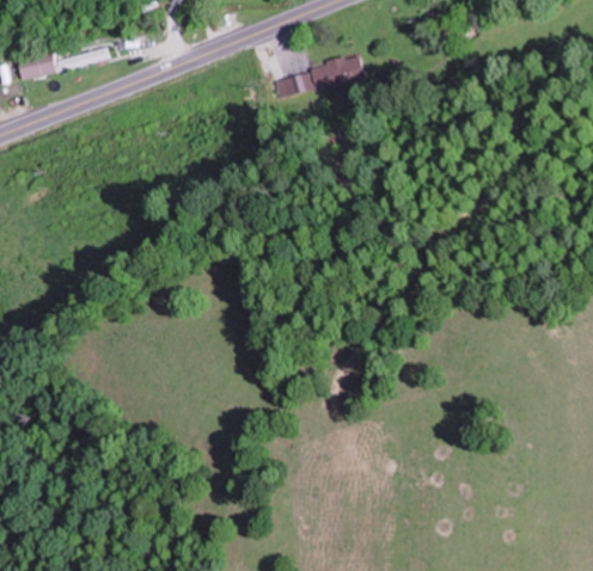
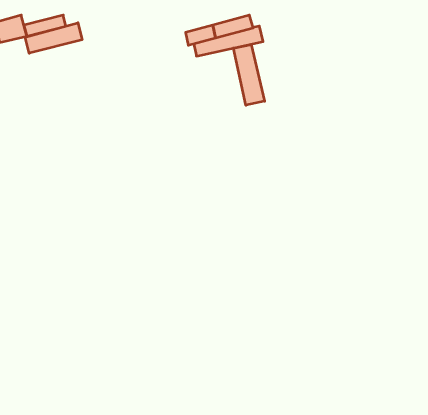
building: none -> [25,23,82,53]
building: none -> [233,44,265,105]

